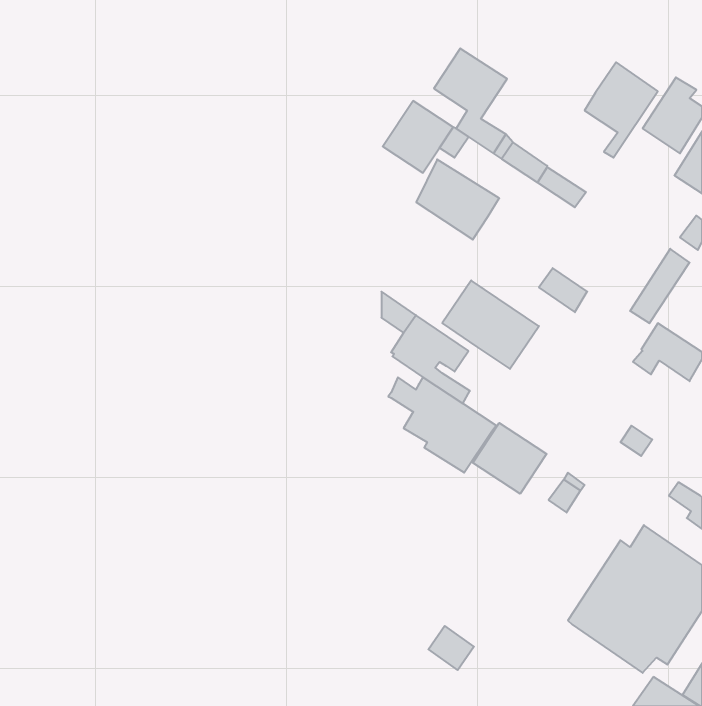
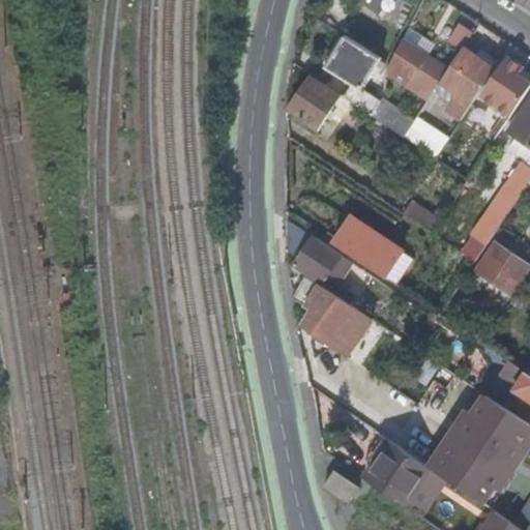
building: [416,159,499,240] -> [384,40,446,100]
building: [473,423,547,494] -> none
building: none -> [363,439,429,504]

